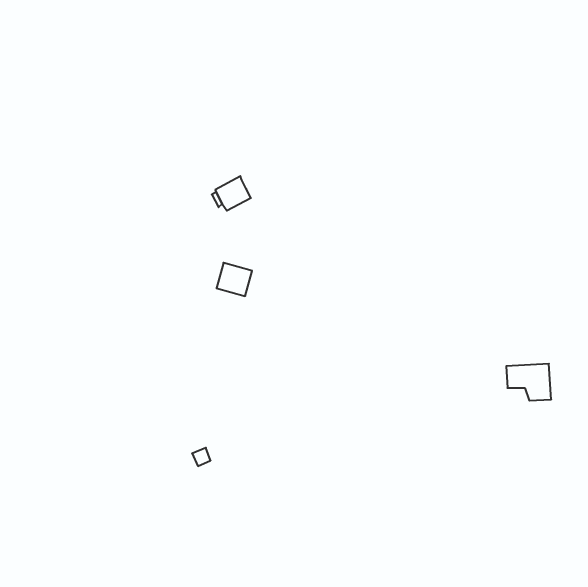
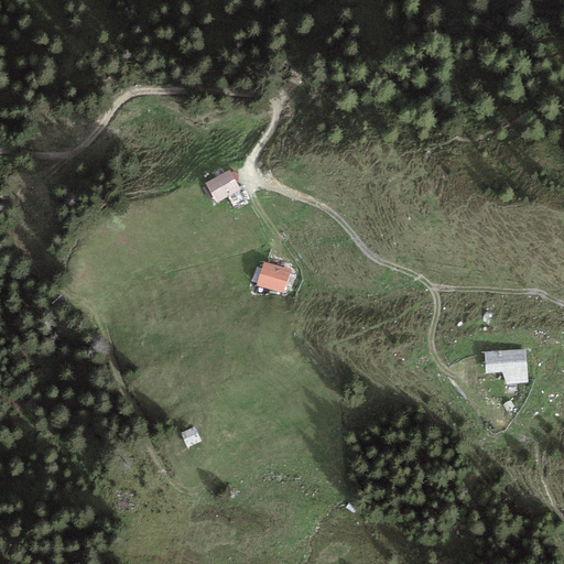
building: [216,263,252,296] -> [257,261,291,293]

